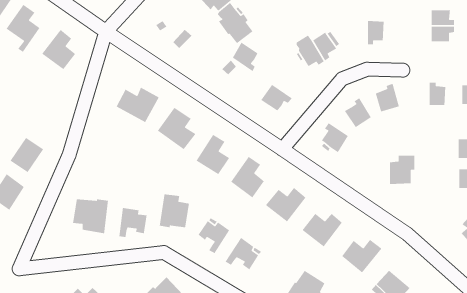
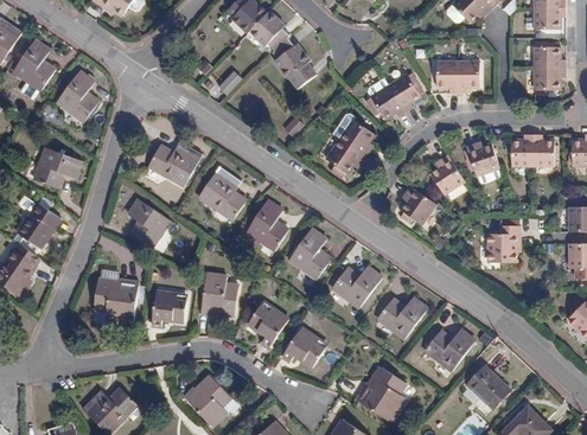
building: none -> [436,59,457,90]
building: [232,41,259,72] -> [339,117,372,155]
building: none -> [511,135,532,165]
building: none -> [33,147,82,187]
building: none -> [127,198,170,248]

